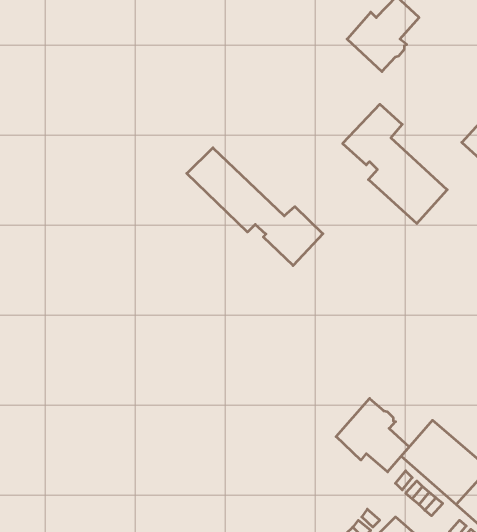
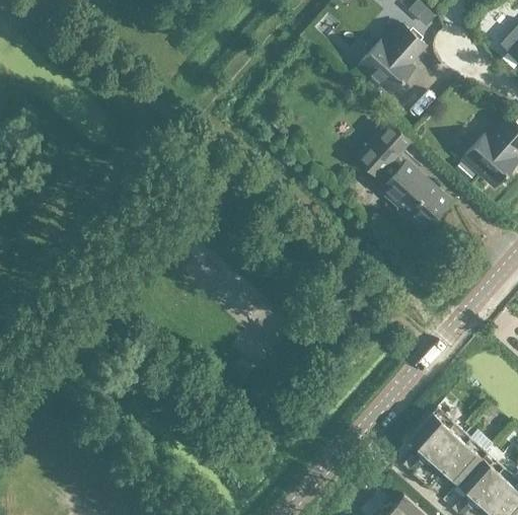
building: [187,148,323,266] -> none
building: [336,398,409,472] -> none

